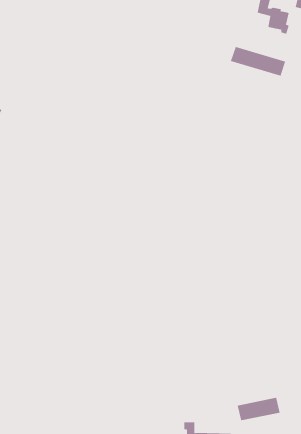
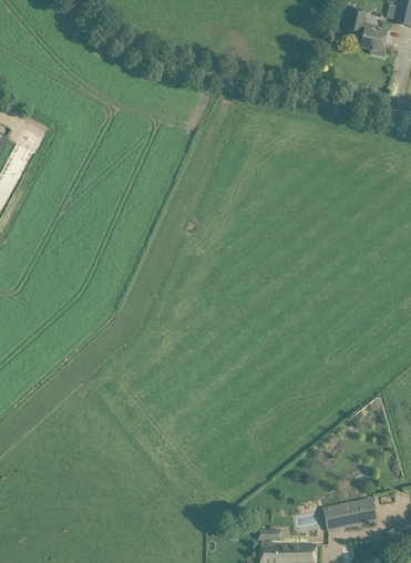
building: [230,46,286,77] -> none

